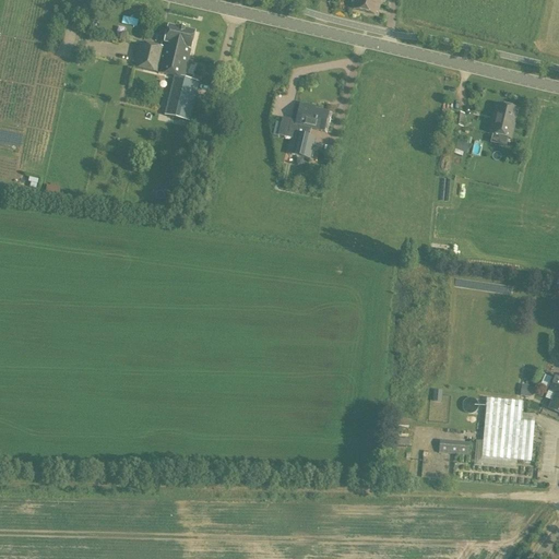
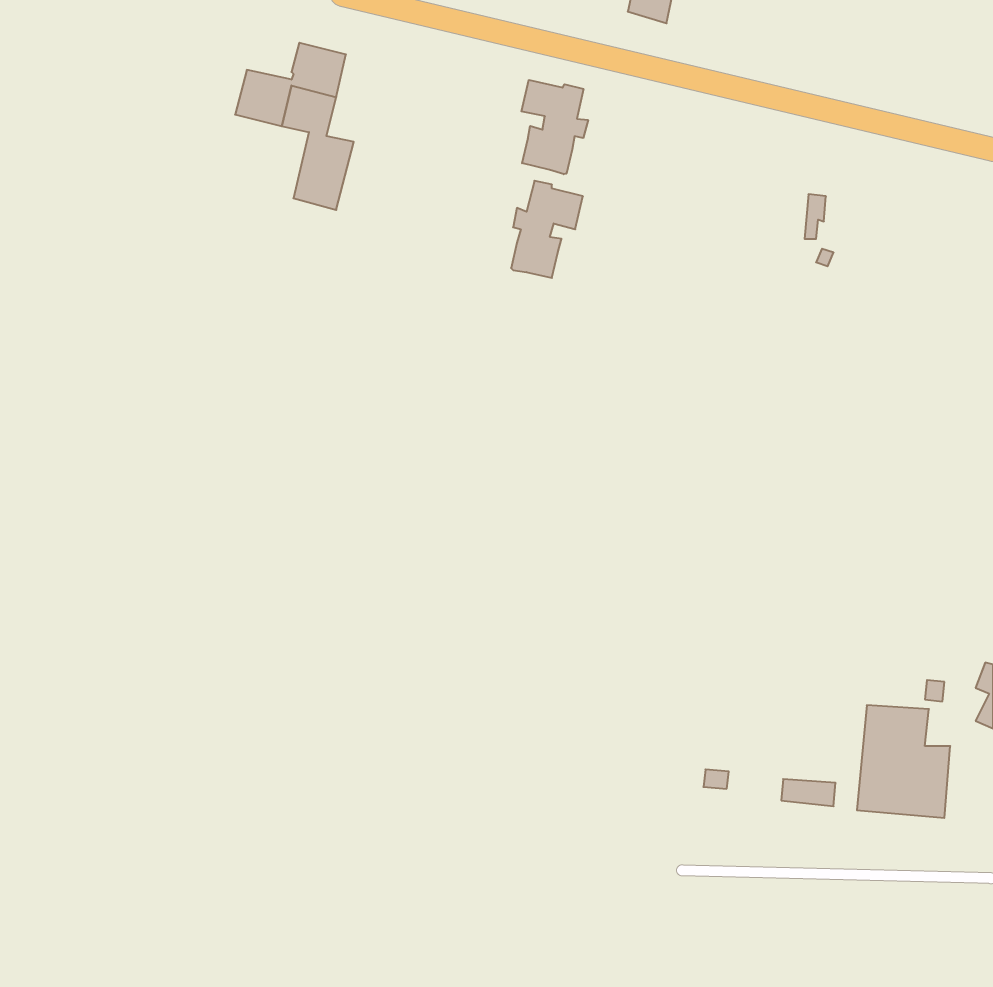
building: none -> [521,80,588,174]
building: [490,102,516,136] -> none

